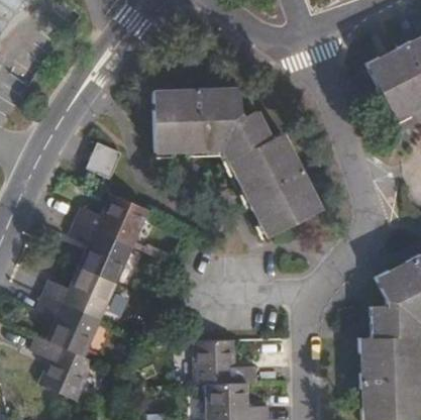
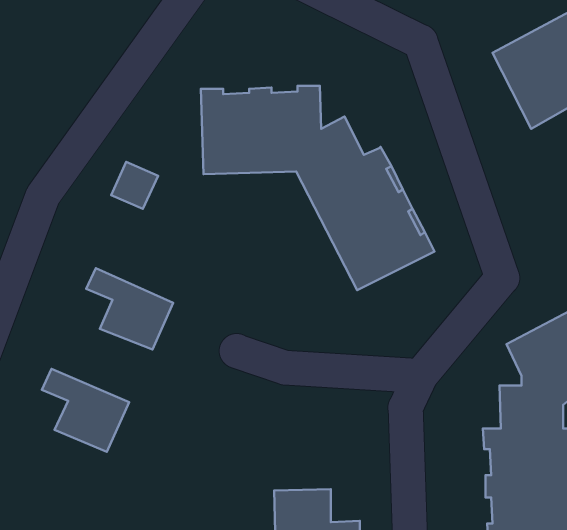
building: [76,193,148,246] -> none
building: [43,266,117,319] -> none
building: [30,335,94,401] -> none
building: [194,340,256,384] -> none

